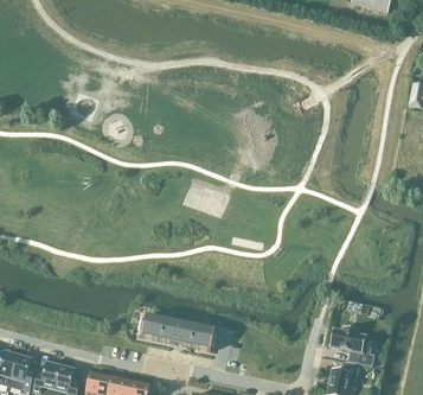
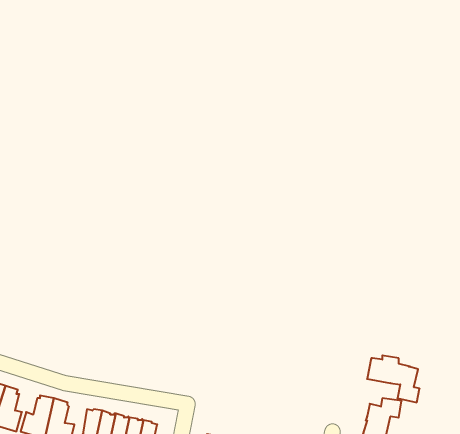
building: [141,314,214,350] -> none

